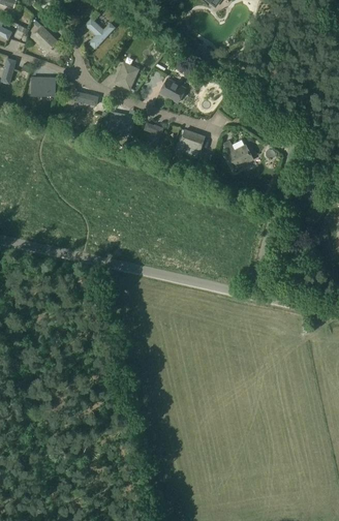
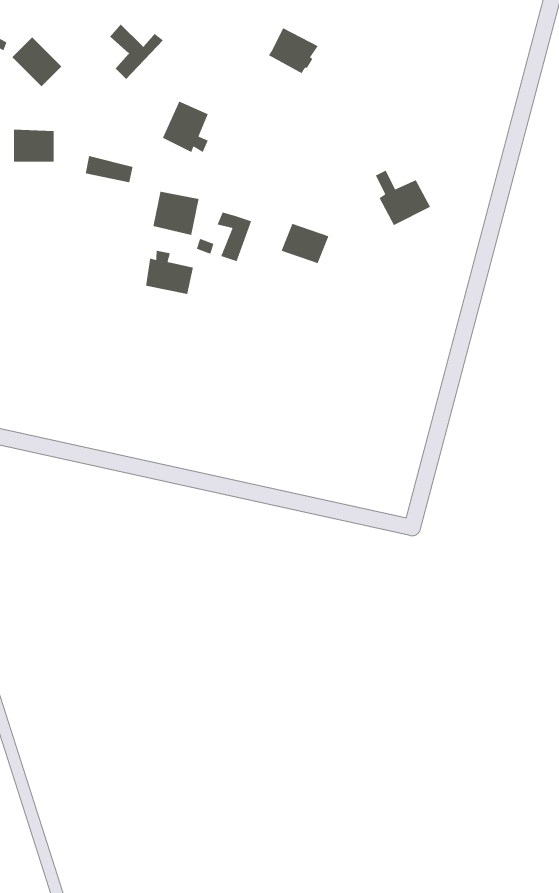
building: [159,75,187,101] -> [268,27,319,74]
building: [223,137,254,168] -> [375,170,431,226]
building: none -> [145,250,194,295]

